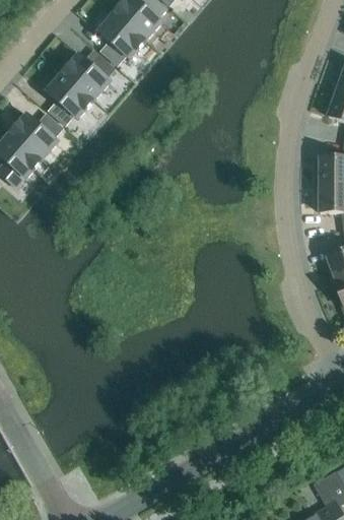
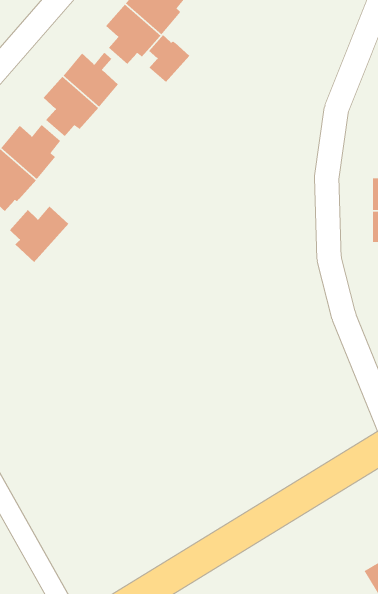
building: none -> [148,34,190,83]
building: none -> [9,206,69,263]

